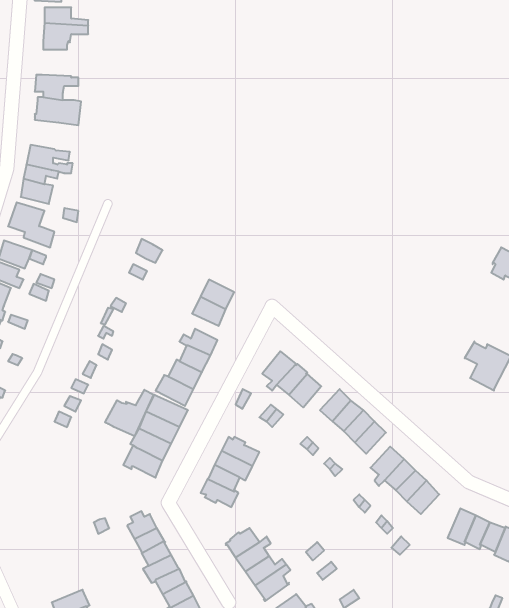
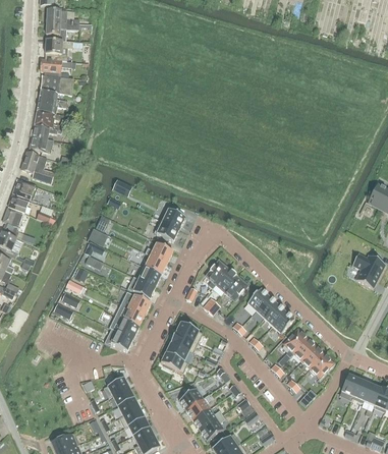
building: none -> [45,41,72,60]
building: none -> [37,92,67,114]
building: [105,390,154,436] -> none

